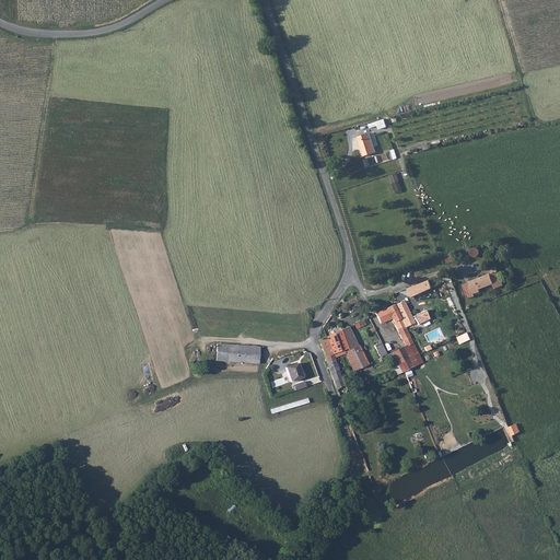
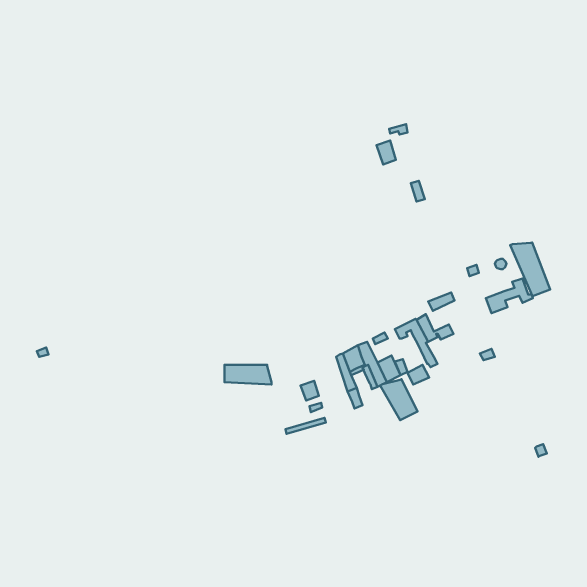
building: none -> [510,242,550,296]
building: none -> [380,379,417,420]

